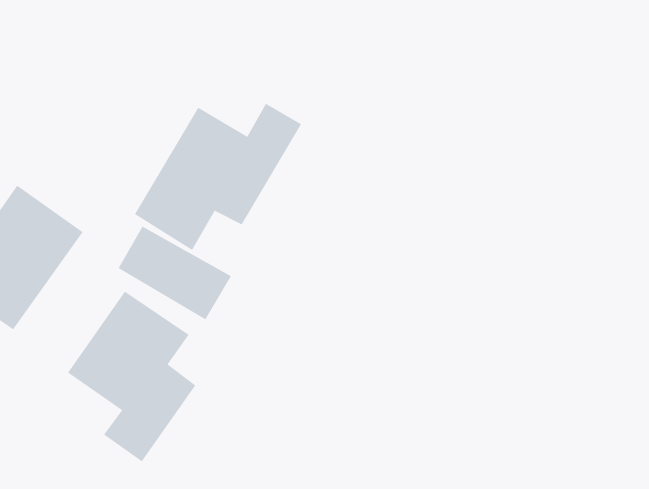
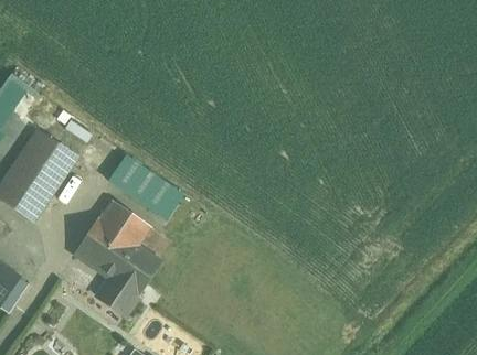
building: [134,103,302,251] -> none

